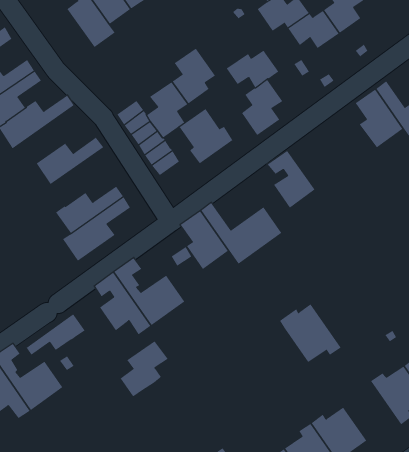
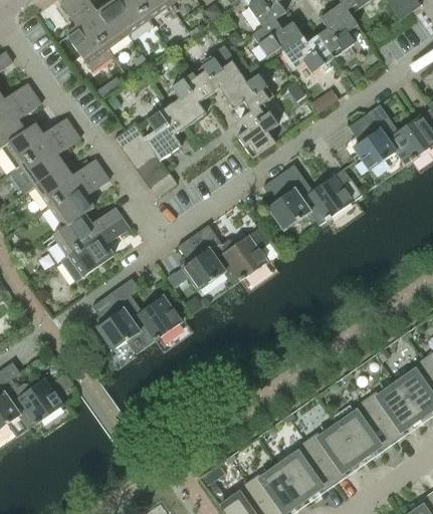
building: none -> [193,56,244,98]
building: none -> [11,127,80,192]
building: [179,108,233,164] -> none
building: none -> [282,164,362,224]
building: none -> [49,169,110,227]
building: [279,303,342,363] -> [333,399,394,457]
building: [26,314,86,355] -> none
building: [120,341,168,397] -> none

